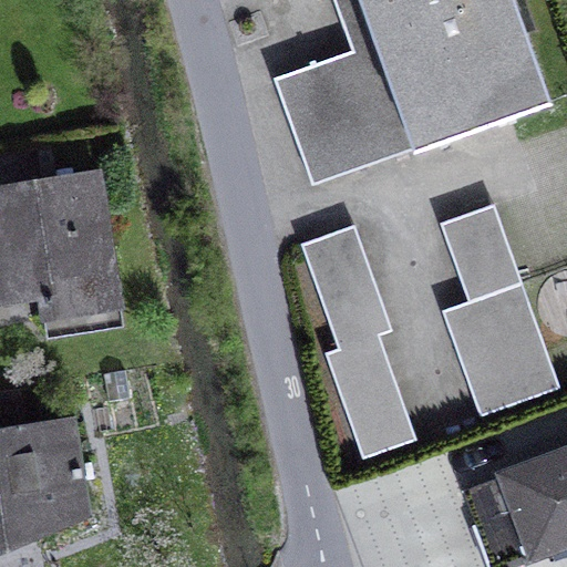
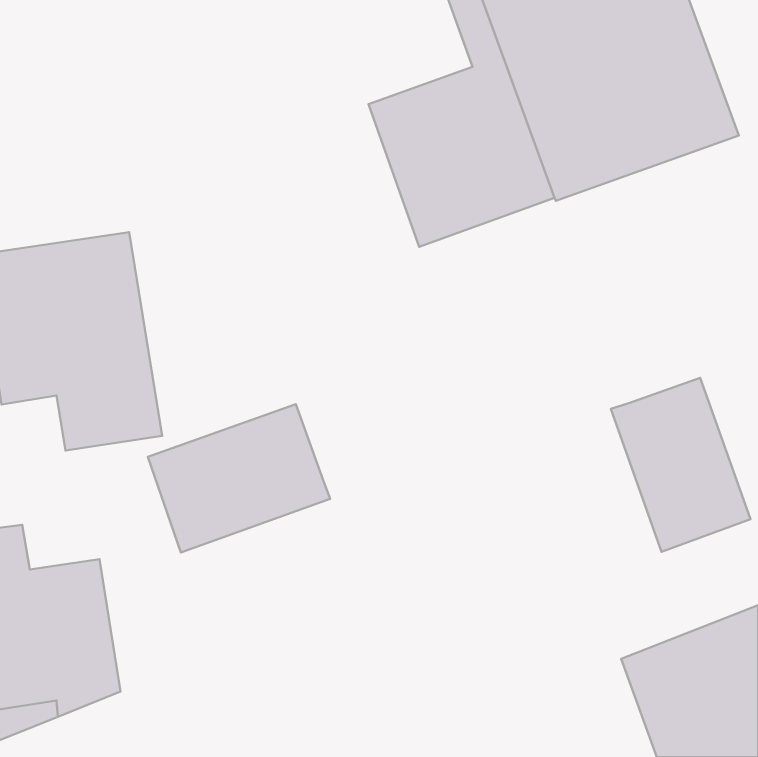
building: [441,203,522,300] -> none
building: [301,224,416,457] -> none
building: none -> [148,404,330,552]

